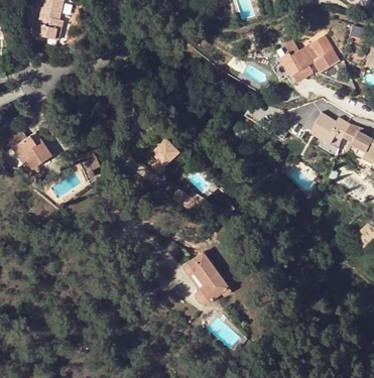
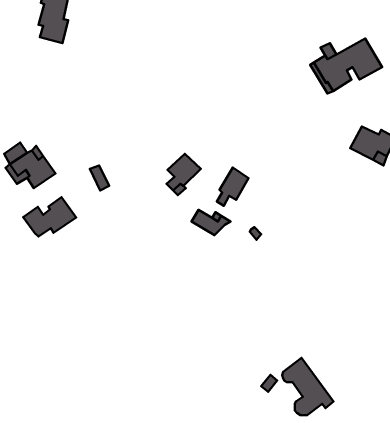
building: none -> [217,168,249,206]
building: none -> [23,197,76,236]
building: [184,252,230,302] -> [282,358,334,415]

